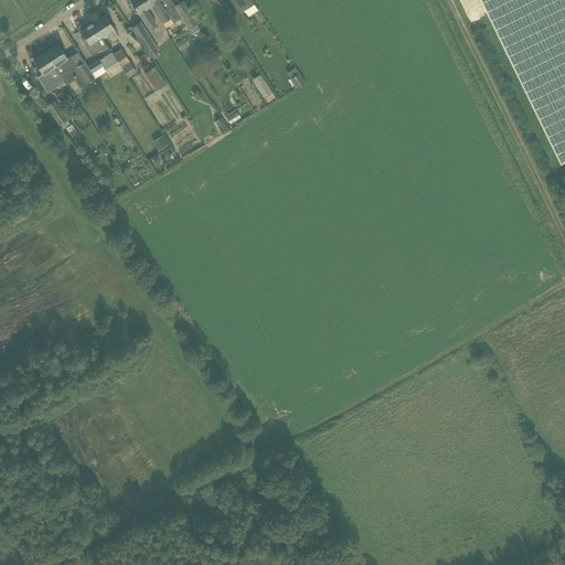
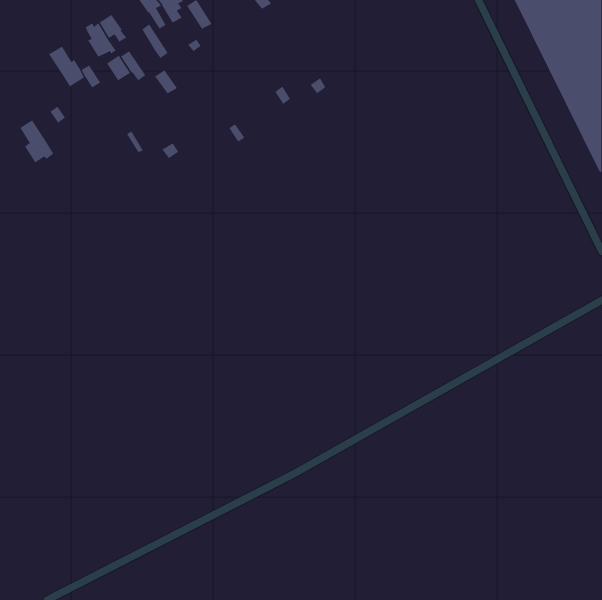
building: [33,51,66,92] -> [19,120,55,163]

